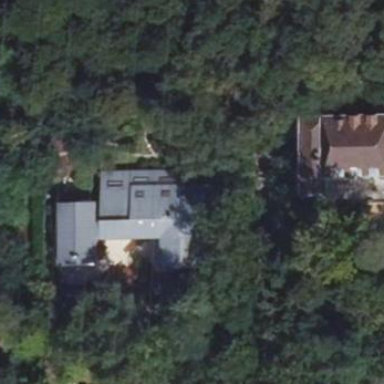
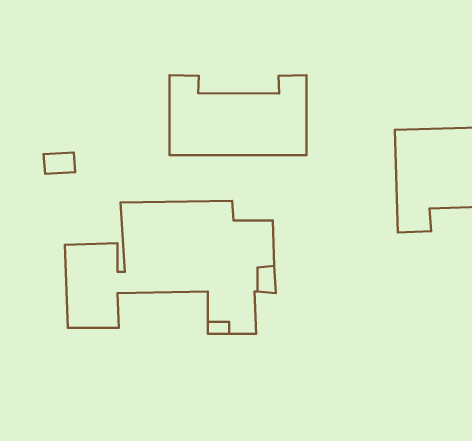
building: none -> [170,75,306,155]

